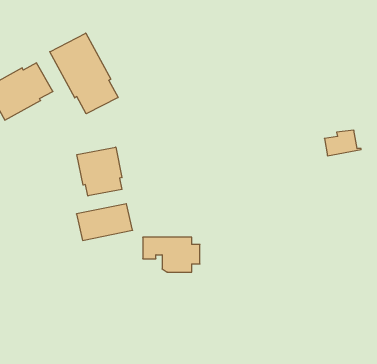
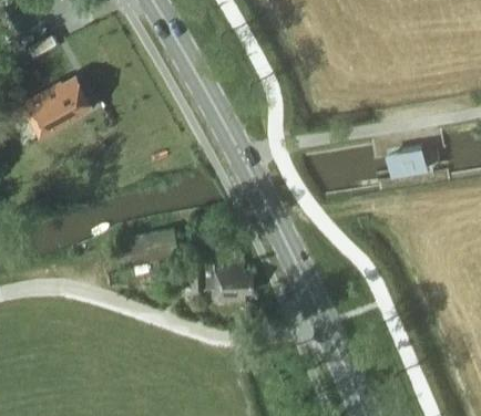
building: [50,33,118,114] -> none
building: [77,147,122,196] -> none

